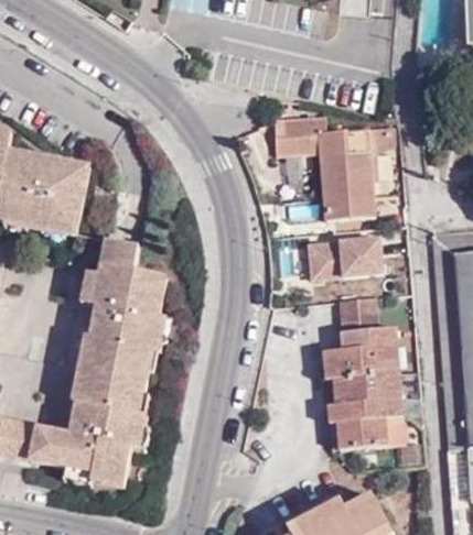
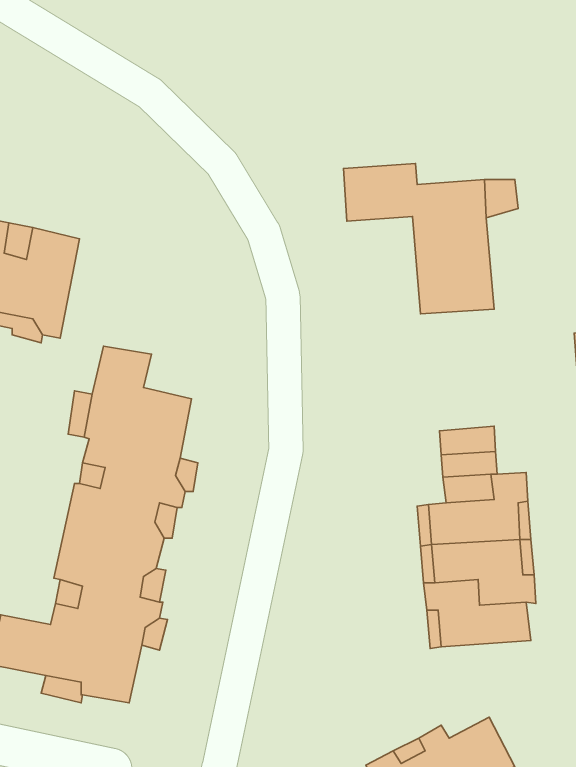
building: [309,234,384,276] -> none

